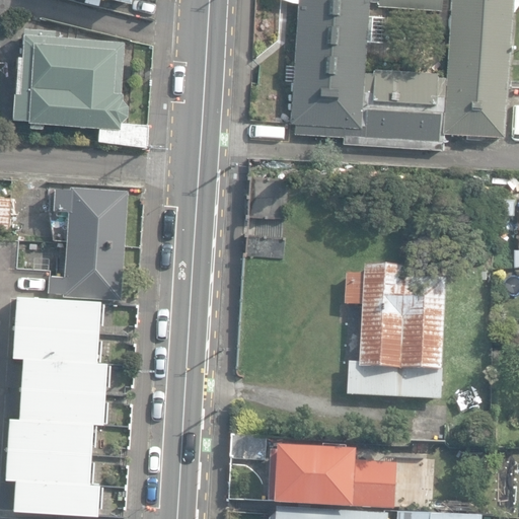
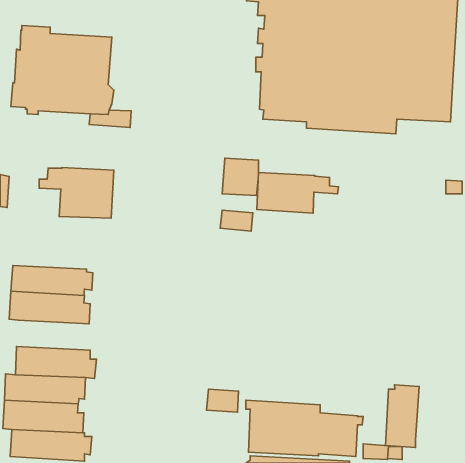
building: none -> [257,172,338,213]
building: [48,241,124,298] -> none
building: [346,265,448,397] -> none
building: [18,357,109,390] -> none
building: none -> [386,385,419,448]

